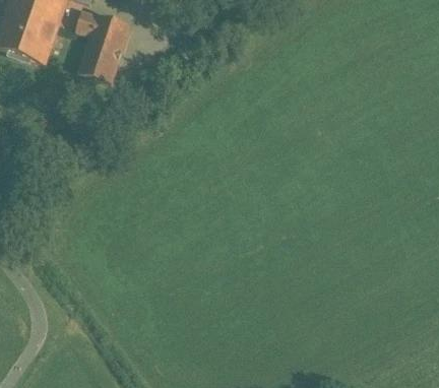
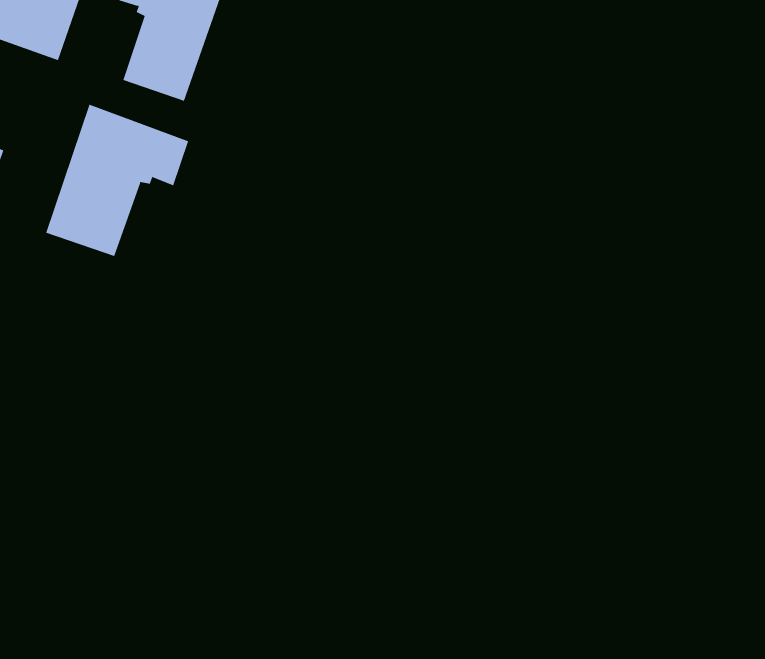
building: none -> [46,104,189,257]

